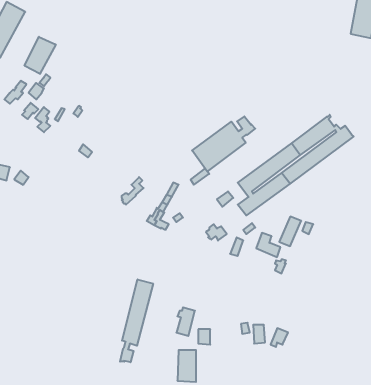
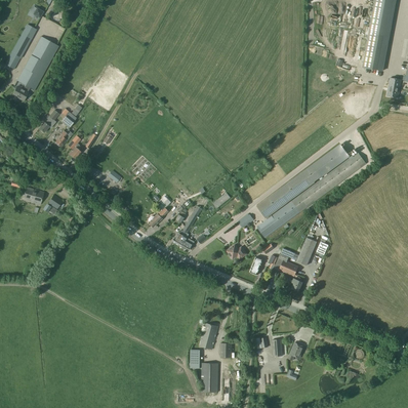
building: [25,37,56,74] -> none
building: [192,116,255,171] -> none
building: [120,279,153,362] -> none

